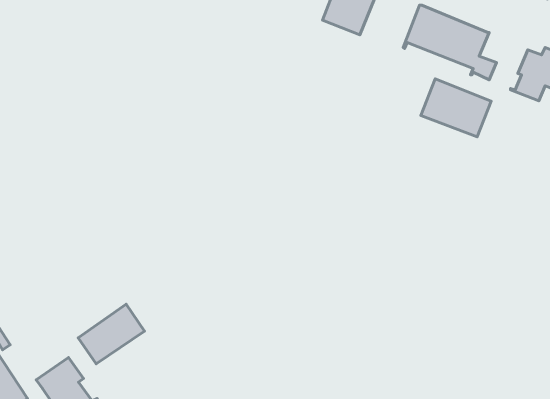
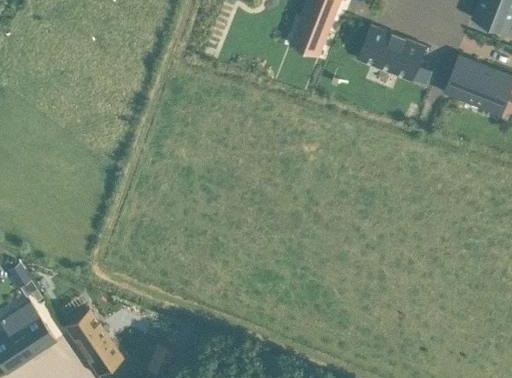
building: [421,79,491,137] -> none
building: [78,304,145,364] -> none

